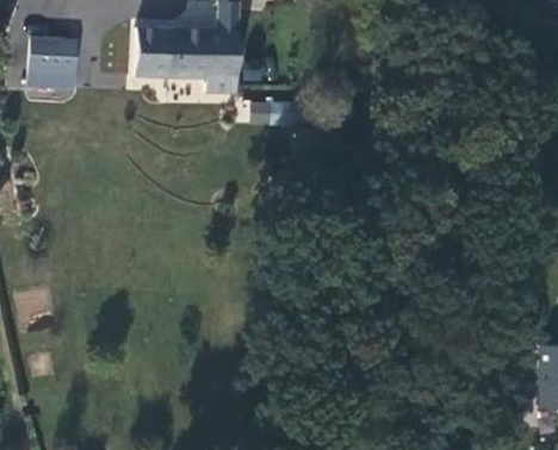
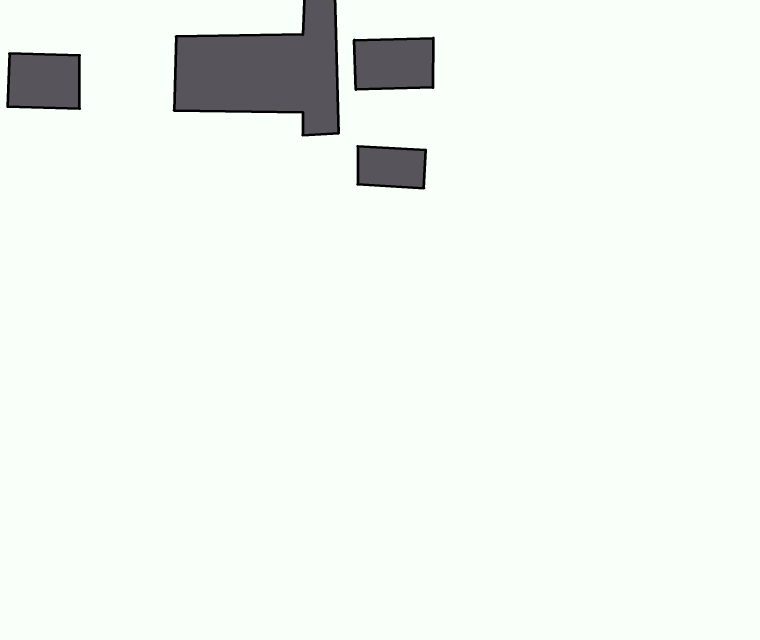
building: none -> [354,38,433,90]

